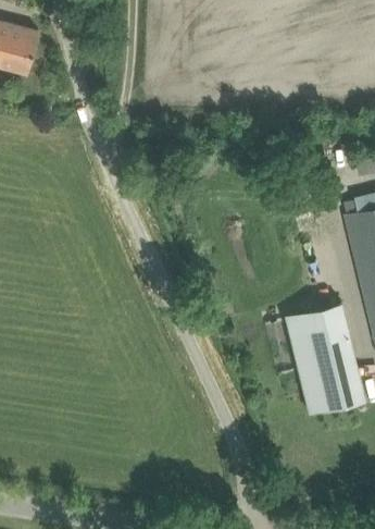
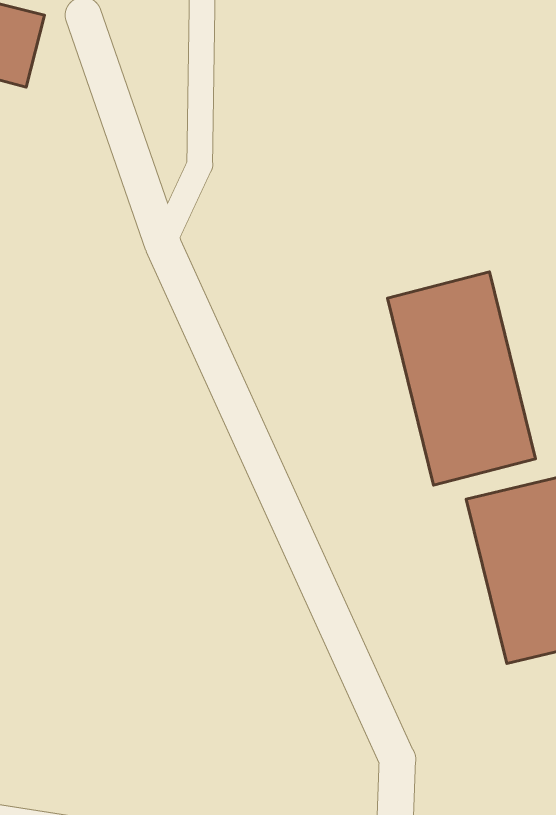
building: none -> [387,272,536,485]

